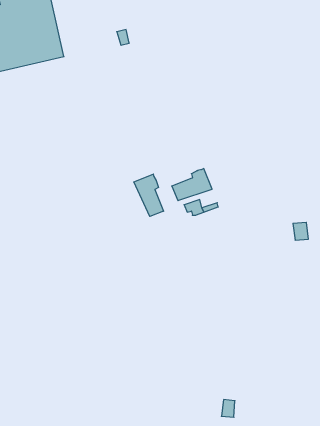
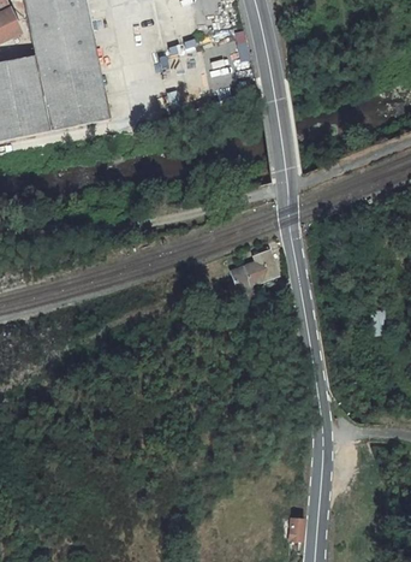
building: [134,174,164,216] -> none

